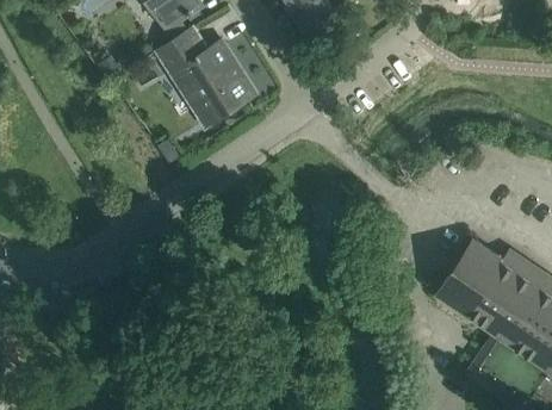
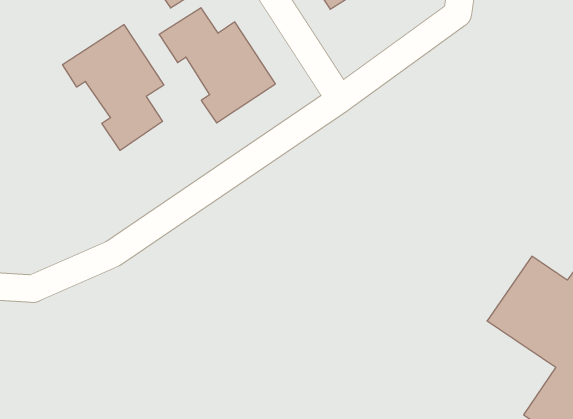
building: none -> [63,25,164,150]

